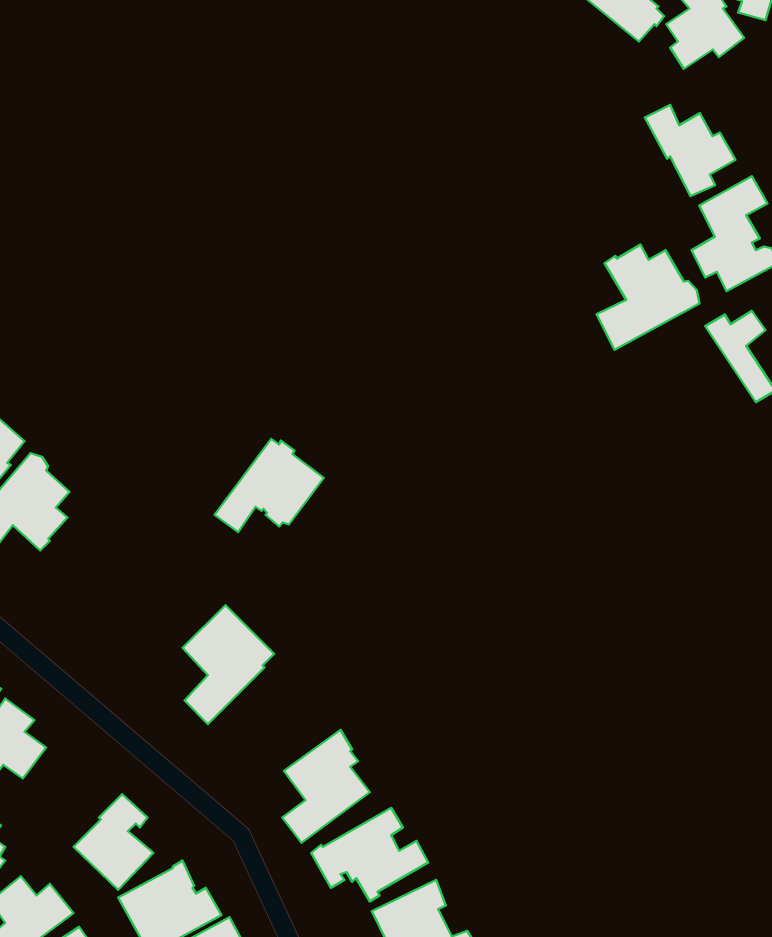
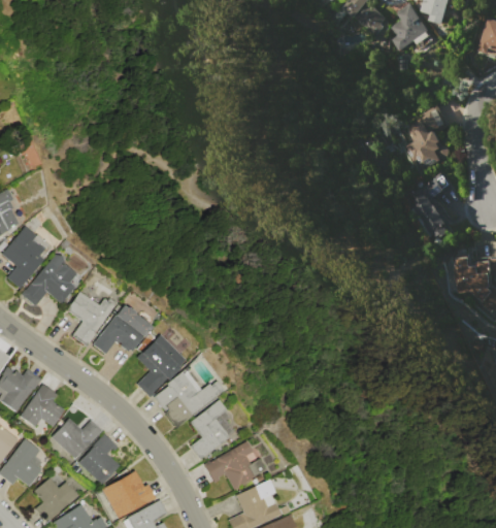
building: [645,105,736,196] -> none
building: [597,244,699,350] -> none
building: [215,439,324,532] -> [93,305,151,355]
building: none -> [66,292,114,346]
building: none -> [154,369,223,428]
building: none -> [52,418,102,459]

